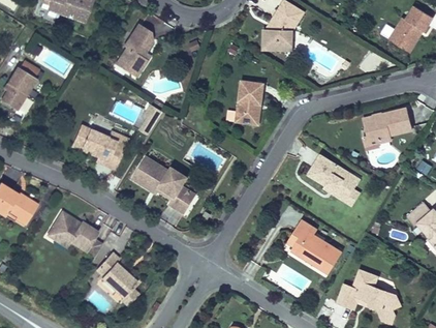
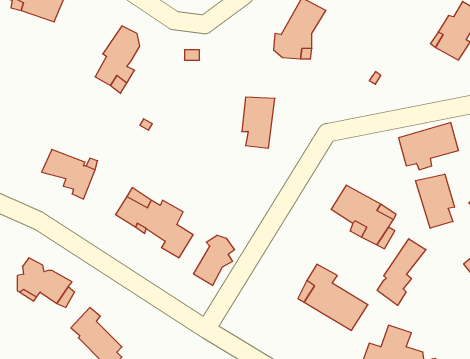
building: none -> [415,174,454,228]
building: none -> [194,235,235,286]
building: none -> [377,239,426,305]

